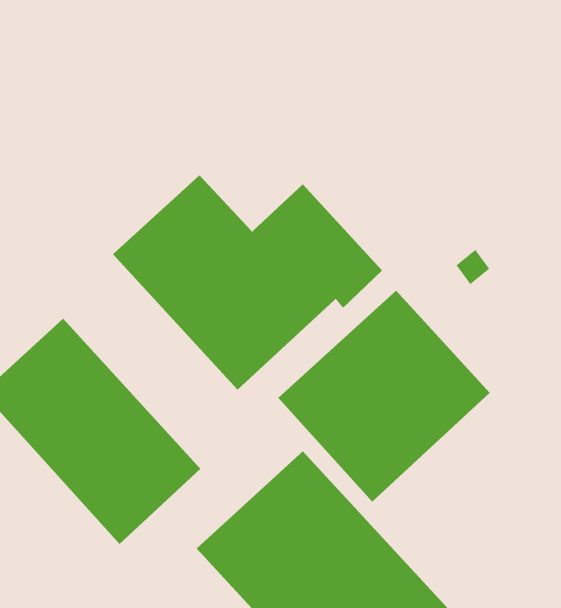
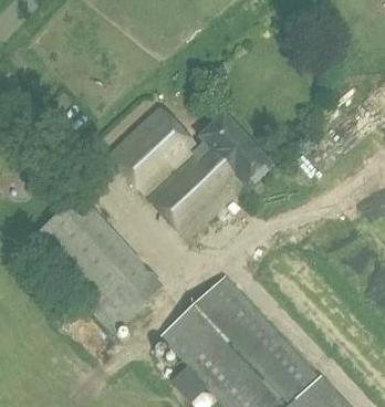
building: [278,290,491,503] -> none

